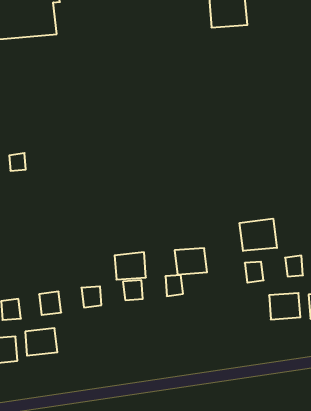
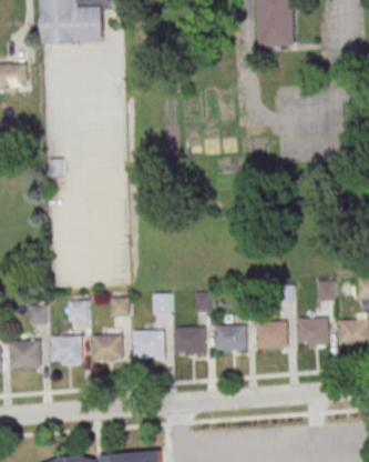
building: [240,219,277,251] -> none
building: [175,248,207,274] -> [215,327,246,351]
building: [115,252,146,280] -> [133,331,163,356]
building: none -> [256,322,286,348]
building: none -> [174,329,204,354]
building: none -> [91,335,122,361]

